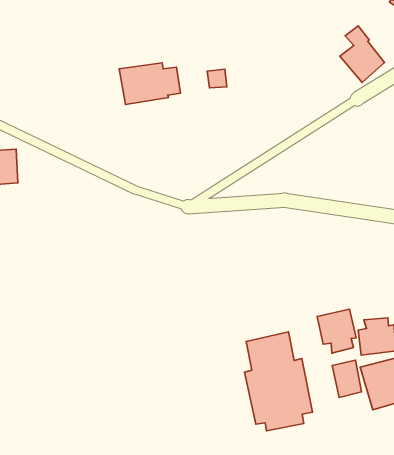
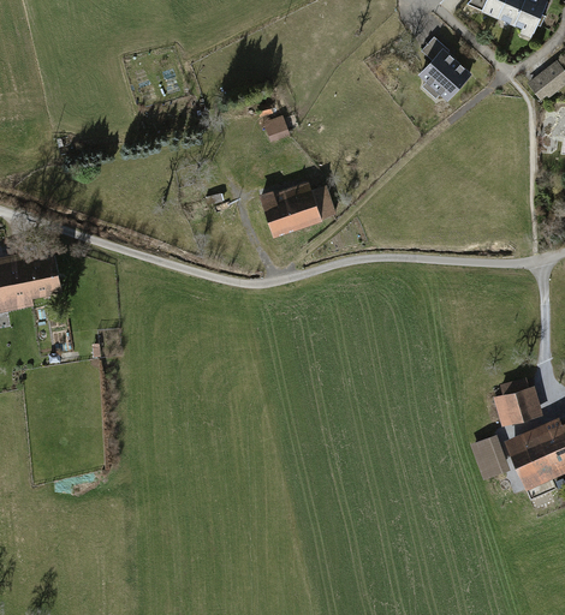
building: [119,63,180,105] -> [260,185,337,241]
building: [317,309,356,353] -> none
building: [244,332,313,431] -> none

